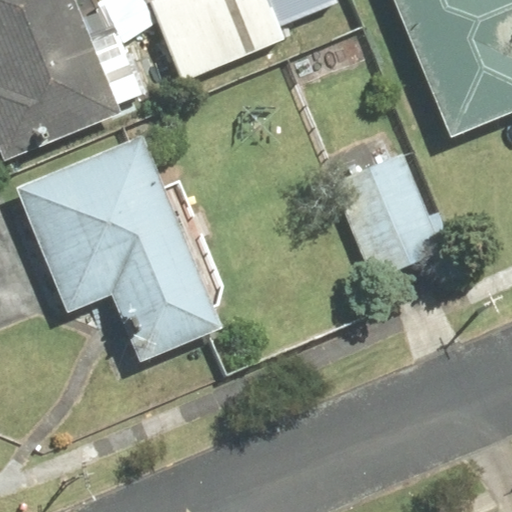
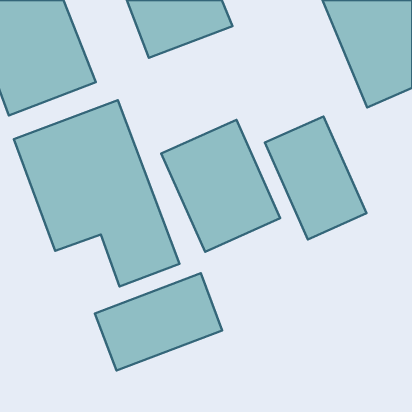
building: none -> [161,120,280,252]
building: none -> [95,273,222,371]

